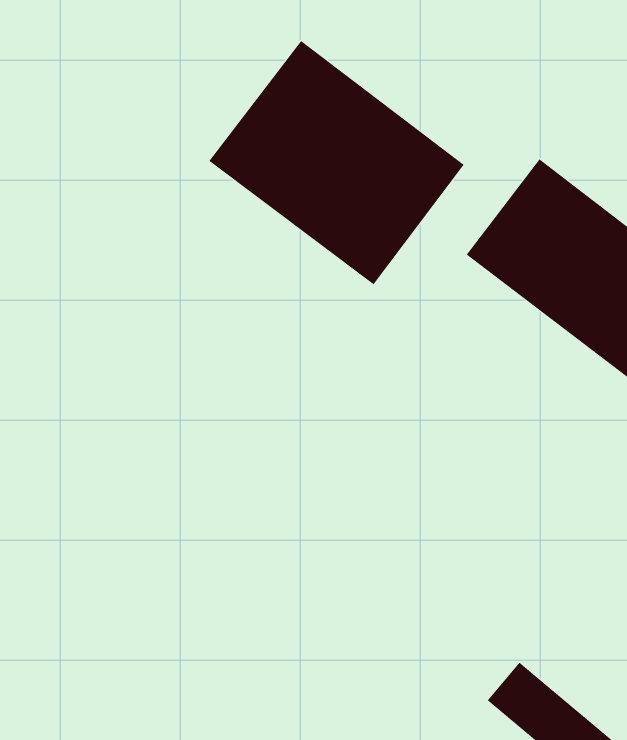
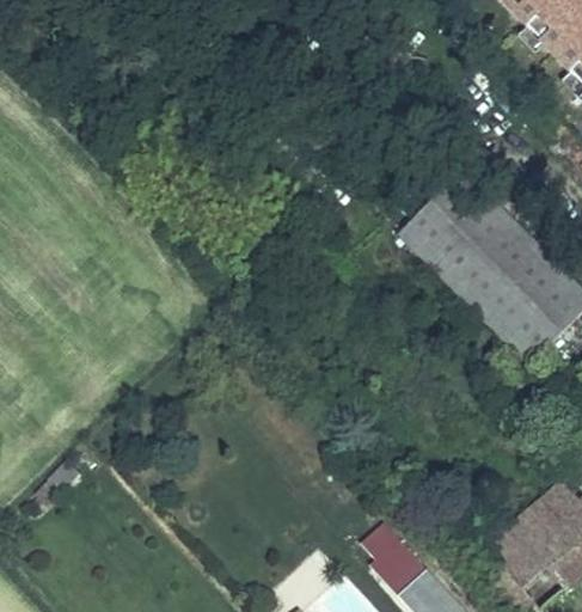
building: [209,40,465,285] -> none

